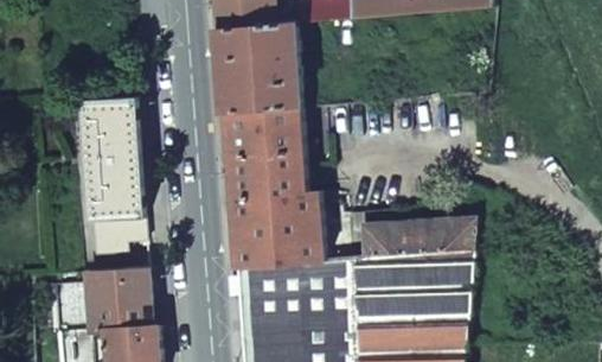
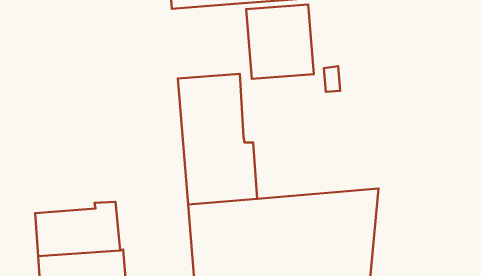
building: [217,21,301,114] -> [246,4,314,79]
building: [83,96,145,253] -> none
building: [359,210,475,260] -> none

